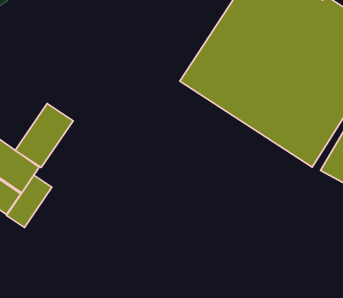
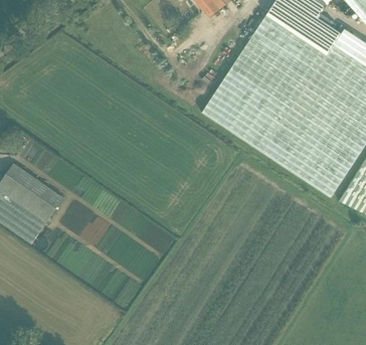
building: [15,103,73,168] -> none
building: [7,175,52,227] -> none

